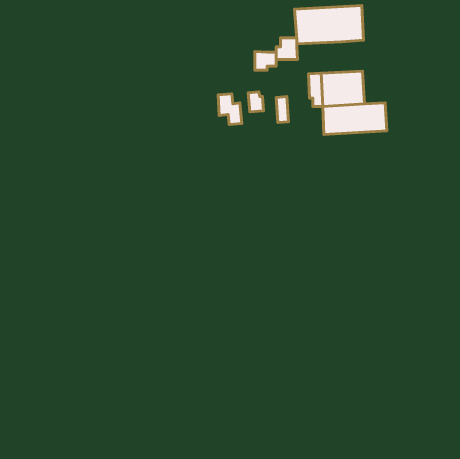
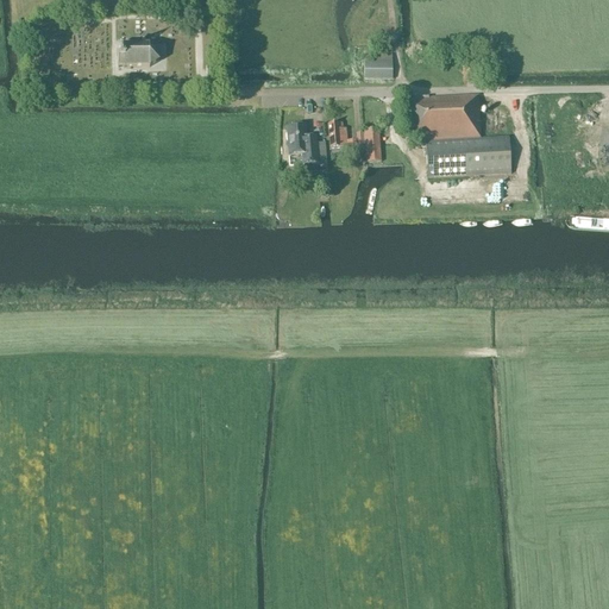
building: [295,6,363,44] -> none
building: none -> [118,44,159,65]
building: [255,51,276,70] -> none

